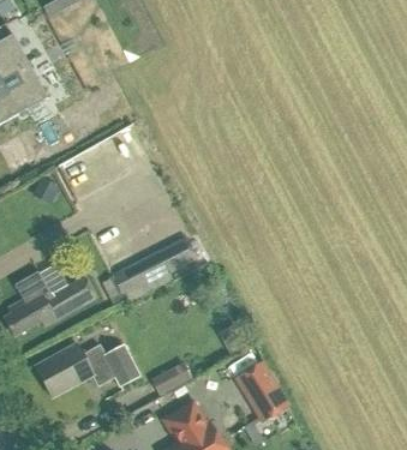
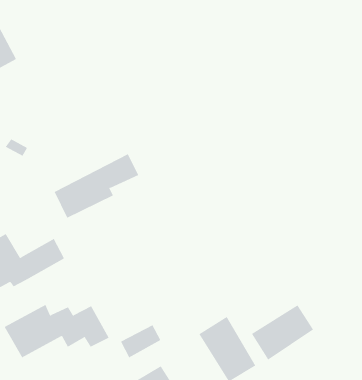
building: [112,235,197,300] -> [54,154,139,218]
building: none -> [251,304,314,360]

